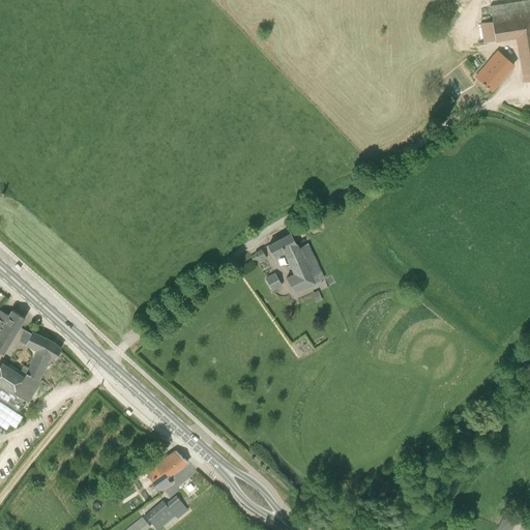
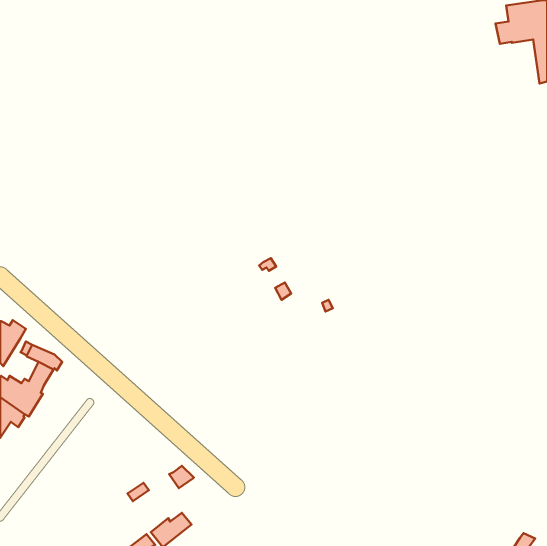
building: [475,52,513,91] -> none
building: [268,234,324,294] -> none
building: [146,460,173,493] -> none

